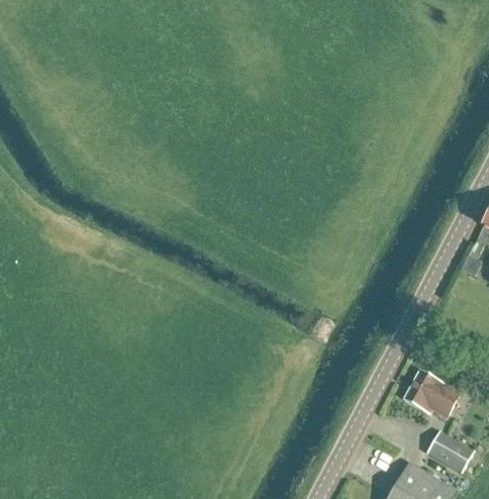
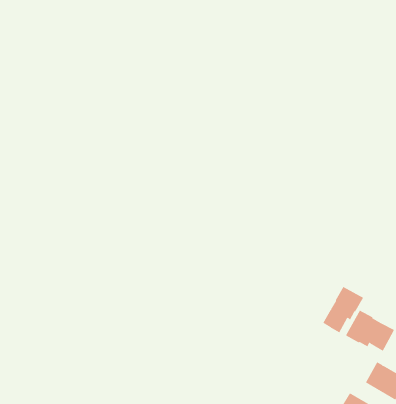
building: none -> [322,286,364,333]

